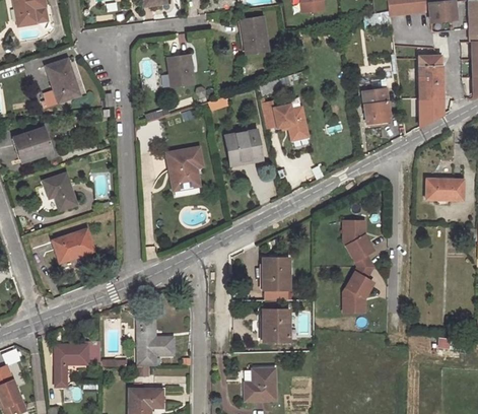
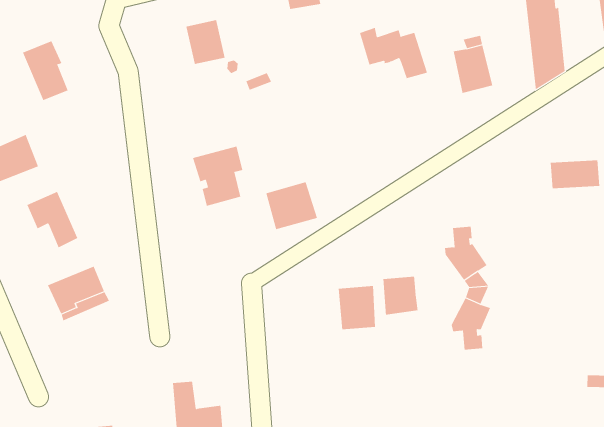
building: [261,100,309,140] -> [359,27,428,79]
building: [226,129,263,162] -> [266,182,318,230]
building: none -> [383,276,418,315]
building: [264,309,290,341] -> none

